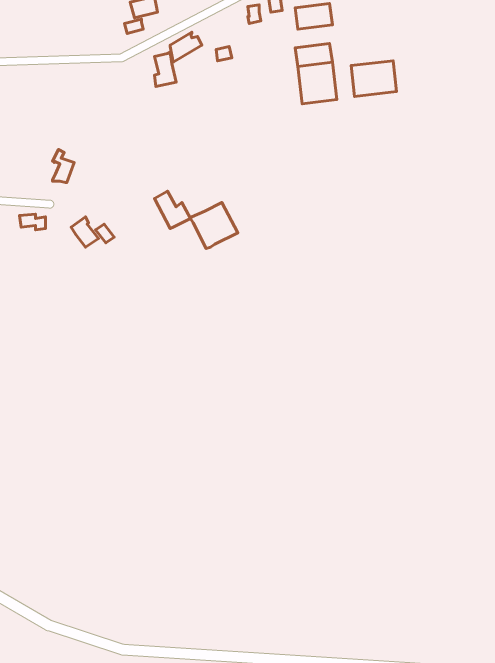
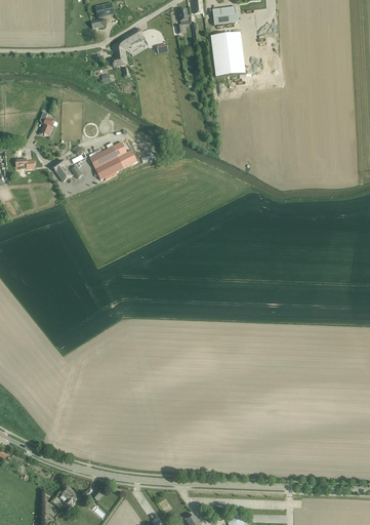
building: [351,61,397,96] -> none
building: [190,203,238,248] -> [89,146,123,178]

